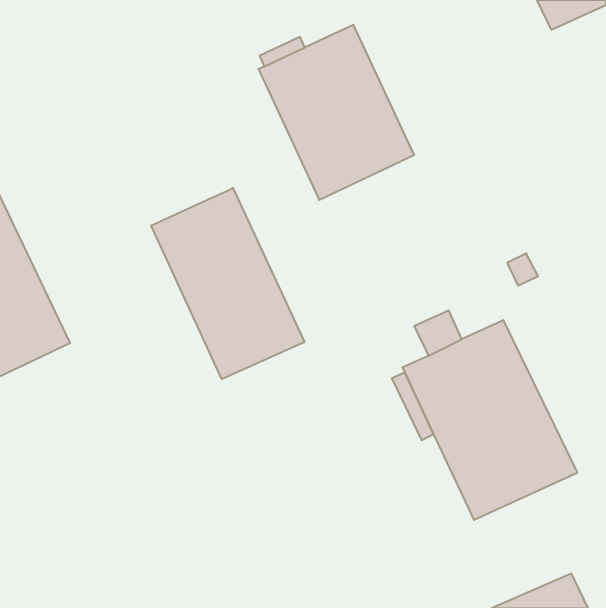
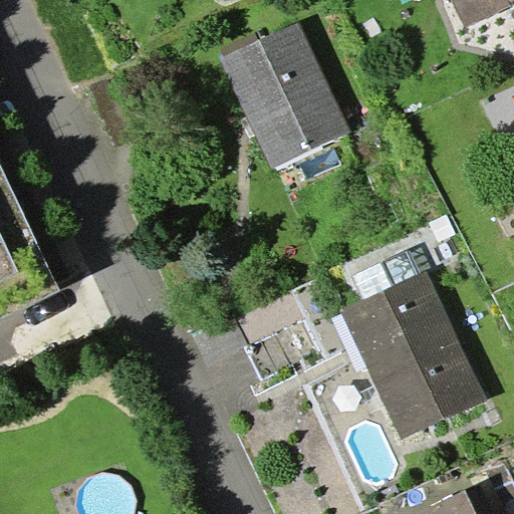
building: [151,188,304,379] -> none

